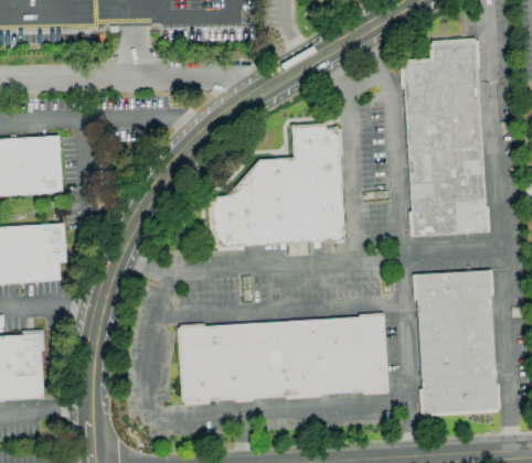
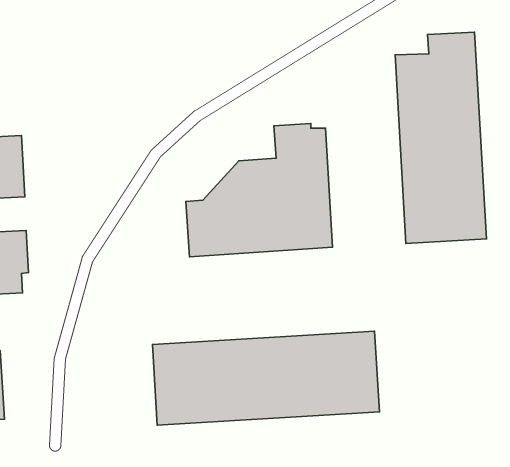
building: [415,269,497,413] -> none

